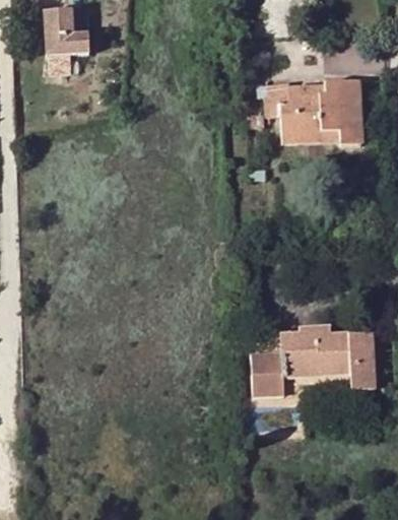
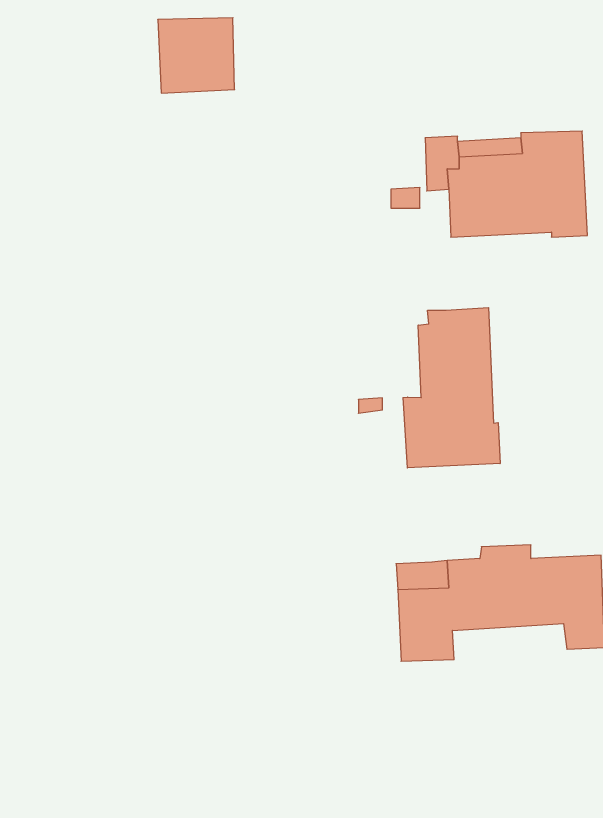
building: [44,10,89,55] -> [158,18,235,93]
building: none -> [403,308,500,468]

